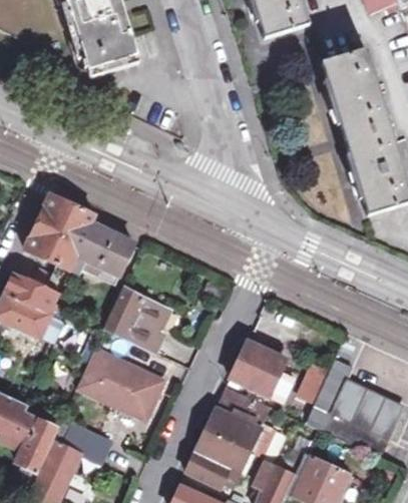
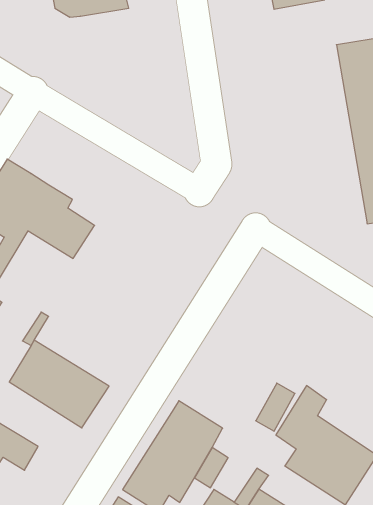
building: [105,289,168,355] -> none
building: [231,341,294,402] -> none

